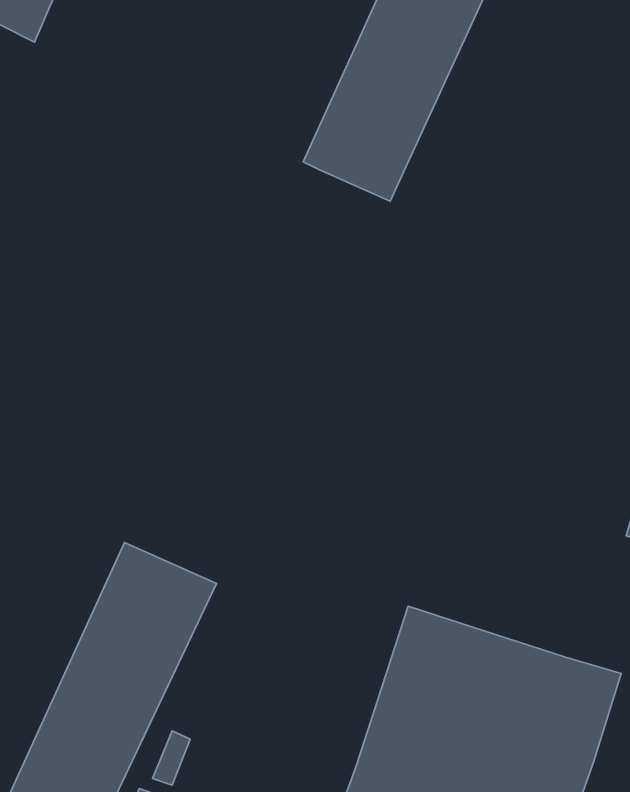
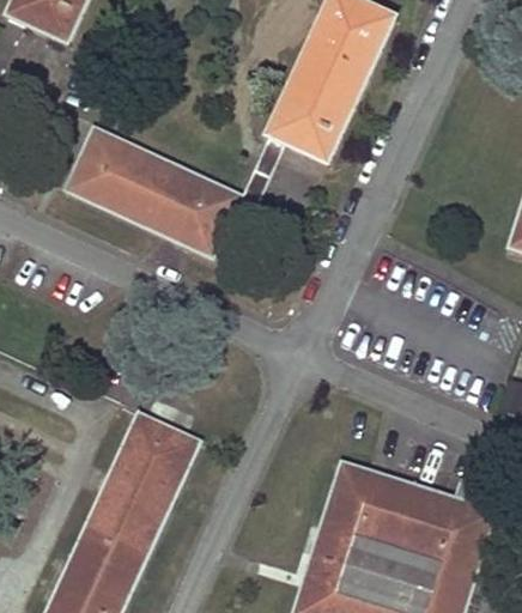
building: none -> [62,126,241,256]

